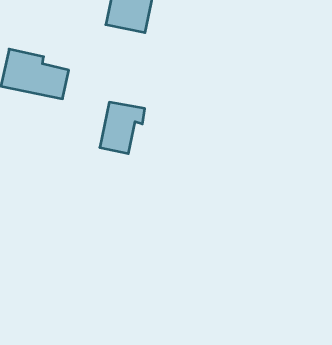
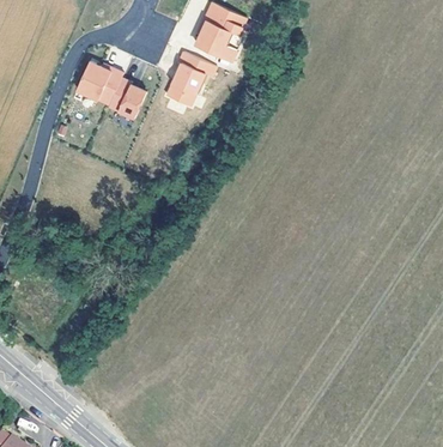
building: [100,102,145,154] -> [165,50,218,107]

